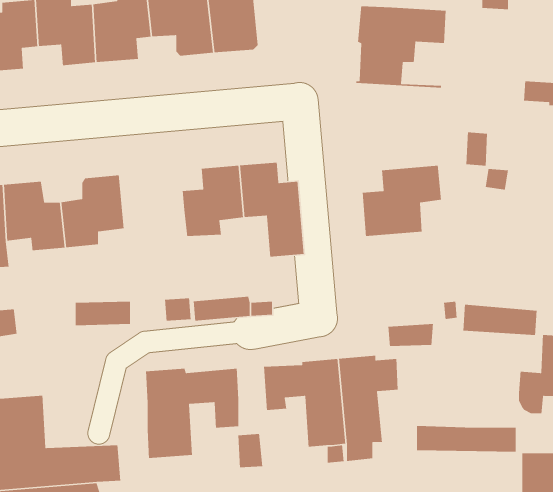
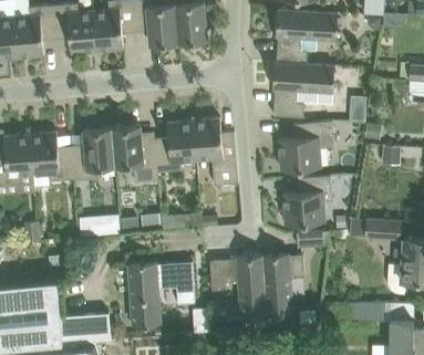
building: none -> [271,65,333,118]
building: none -> [110,126,156,181]
building: none -> [282,177,331,226]

